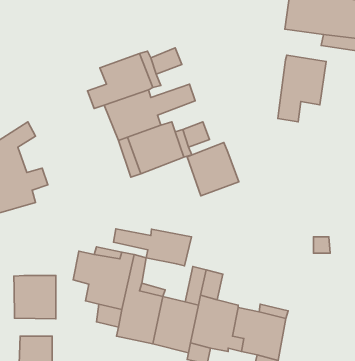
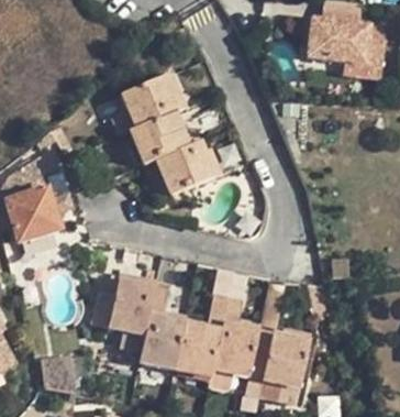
building: [278,55,326,122] -> none
building: [187,143,239,196] -> none
building: [114,229,191,266] -> none
building: [14,275,56,319] -> none

